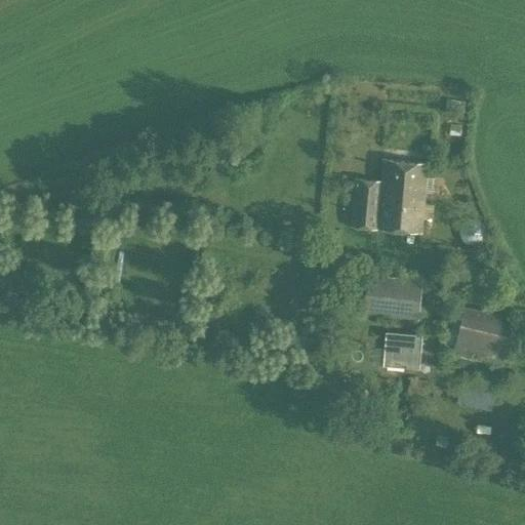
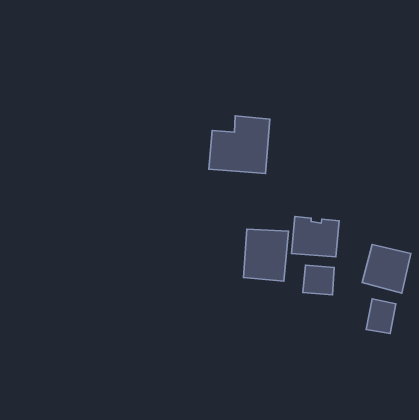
building: [352,161,428,233] -> [209,116,270,173]
building: none -> [244,229,288,281]

